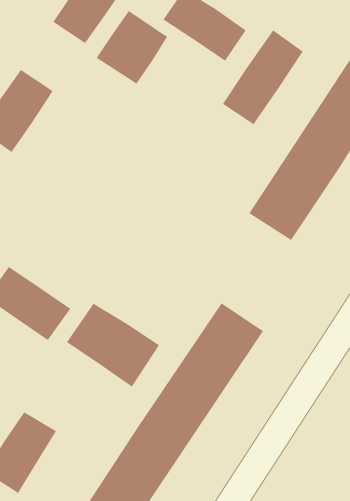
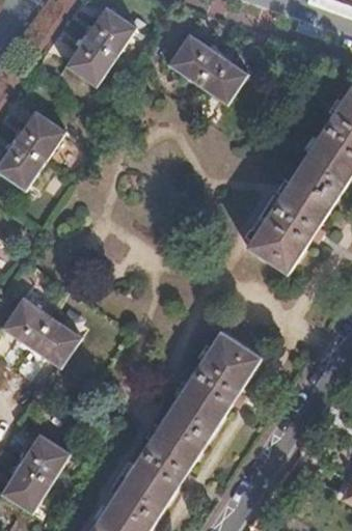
building: [96,10,168,85] -> none
building: [222,30,303,125] -> none
building: [66,303,160,387] -> none

